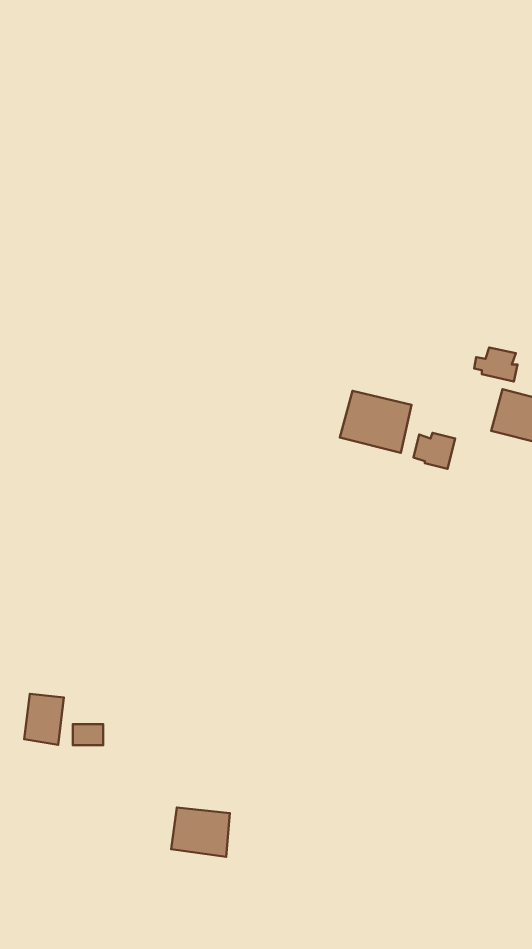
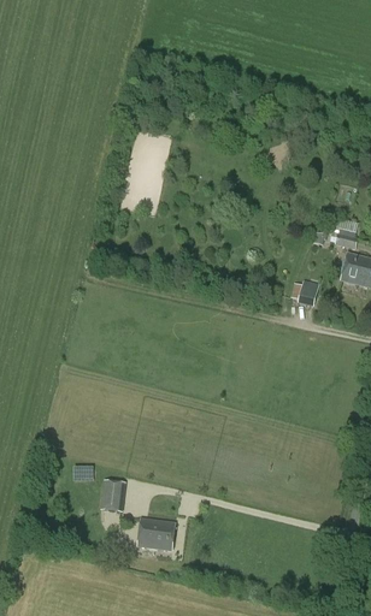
building: [340,391,412,453] -> none
building: [24,694,64,745] -> [100,479,125,511]

